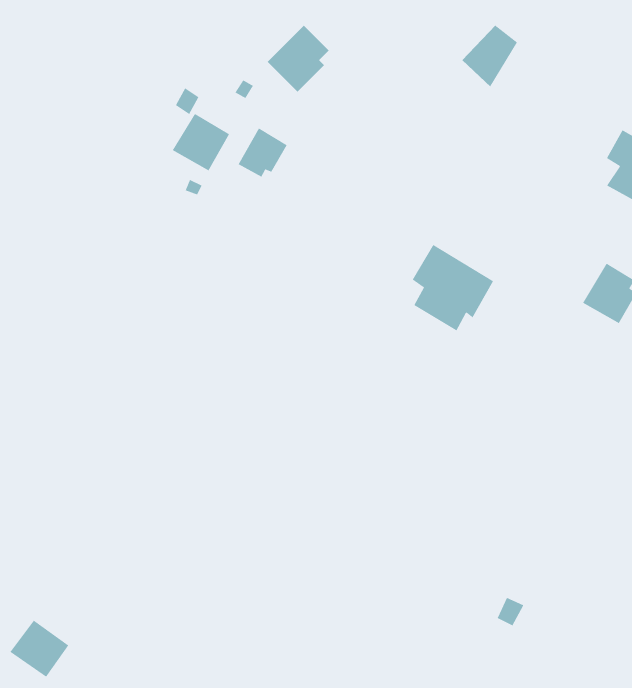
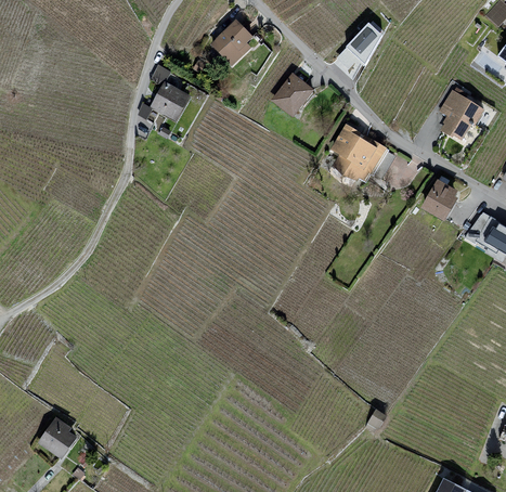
building: none -> [271,73,315,118]
building: [238,128,288,178] -> none
building: [412,244,494,331] -> [333,126,388,184]

